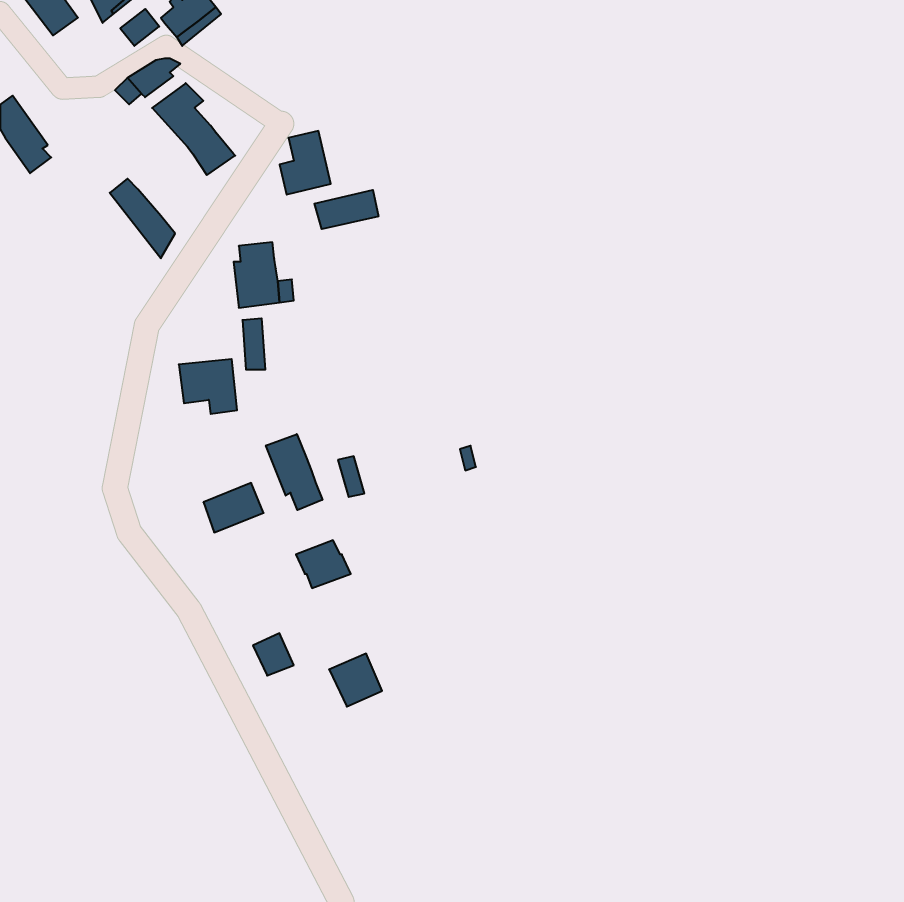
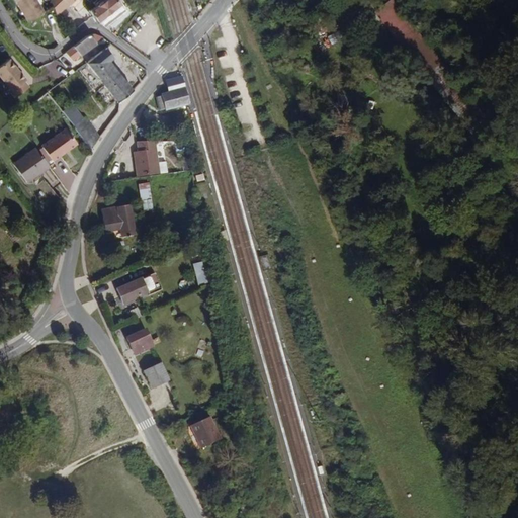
building: [314,190,378,229] -> none
building: none -> [44,128,78,161]
building: none -> [14,147,51,182]
building: [266,434,322,510] -> none
building: [296,540,351,588] -> [125,327,157,354]
building: [329,654,382,707] -> [190,416,221,446]

